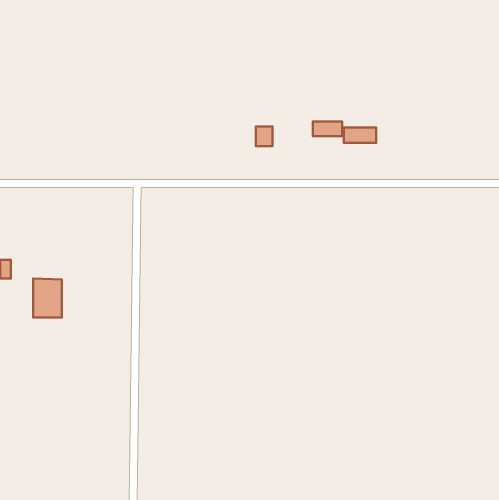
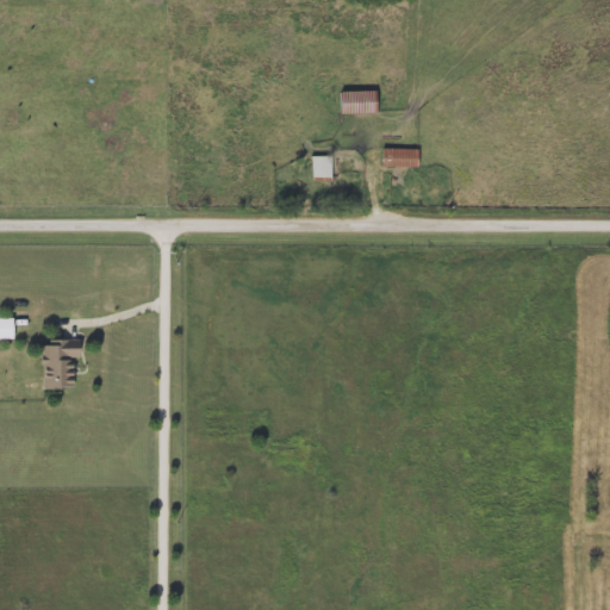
building: none -> [341,92,376,113]
building: [344,127,376,143] -> none

